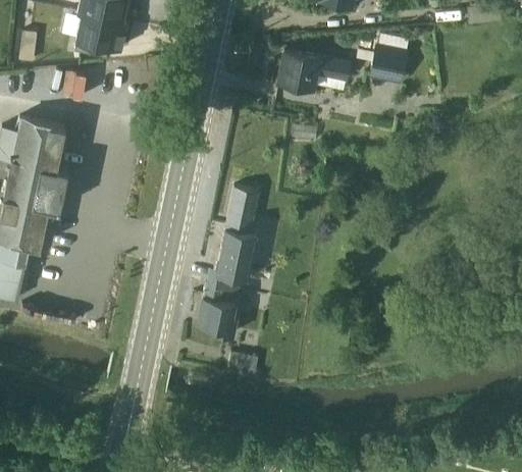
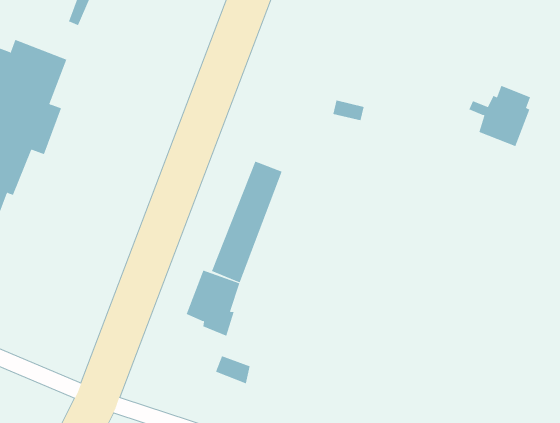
building: [358,34,409,83] -> [469,85,531,147]
building: [278,49,351,92] -> none

